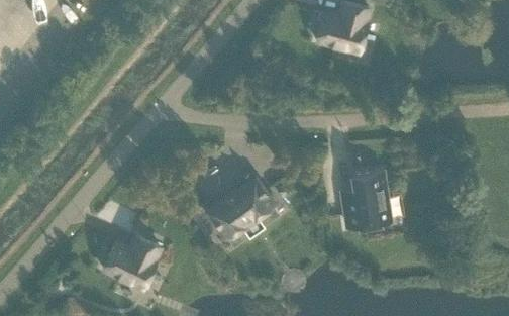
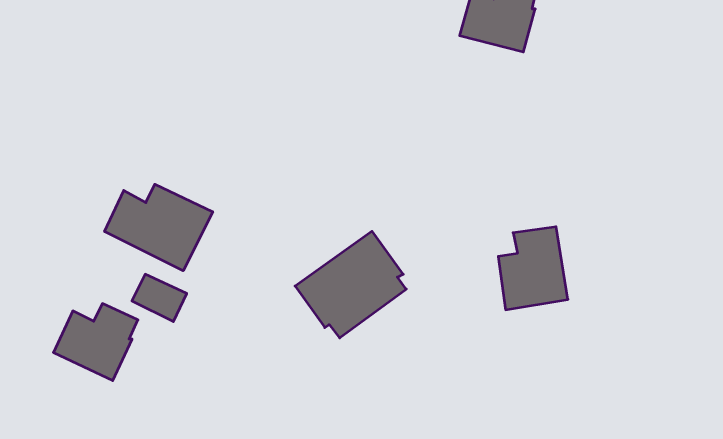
building: none -> [105,184,213,271]
building: [103,235,161,288] -> [53,304,138,381]

